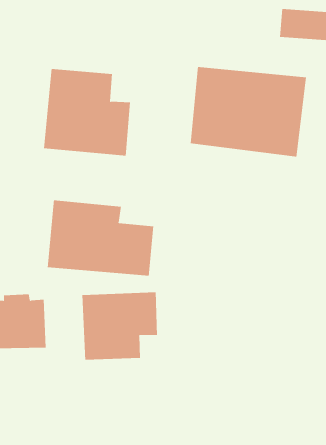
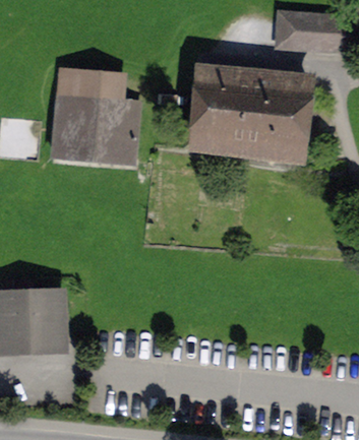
building: [47,200,154,277] -> none
building: [82,292,158,361] -> none

